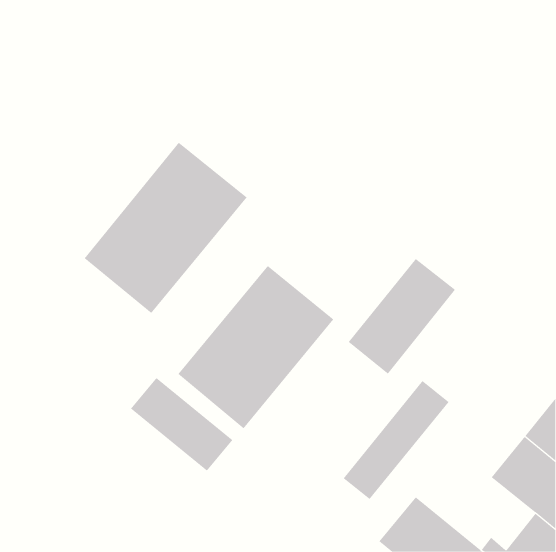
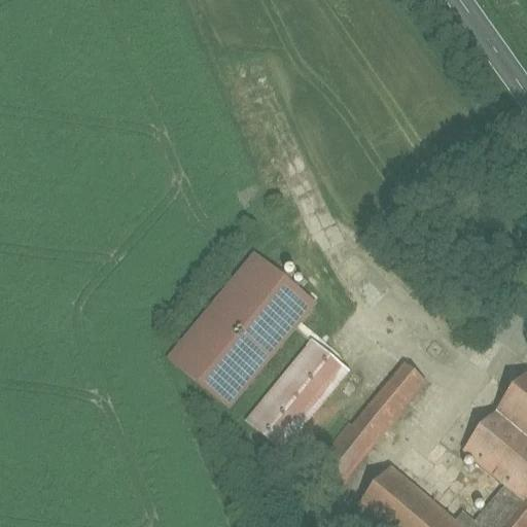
building: [84,142,247,314] -> none
building: [348,258,456,375] -> [248,338,350,448]
building: [130,377,233,472] -> none

